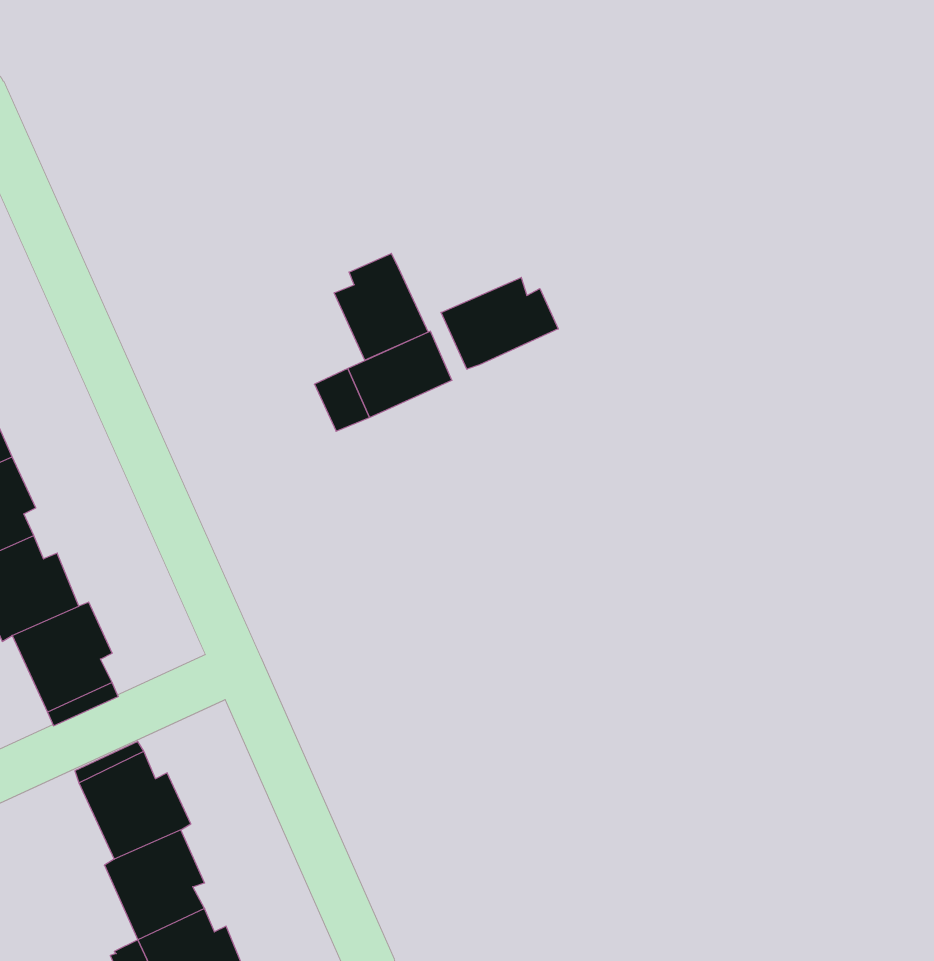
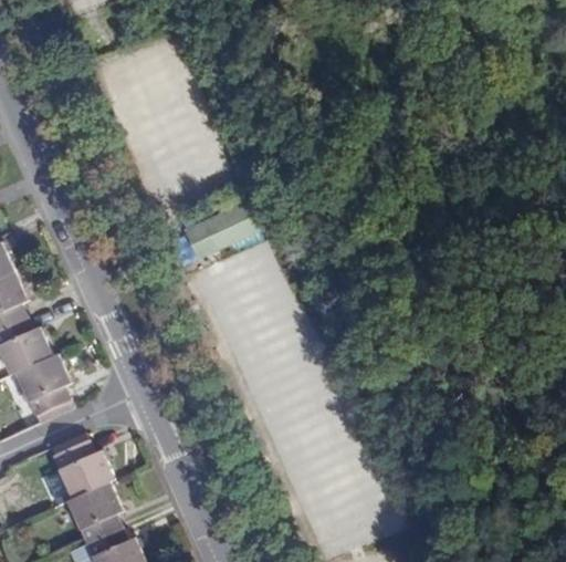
building: [334,253,428,360] -> none
building: [441,277,558,369] -> none

